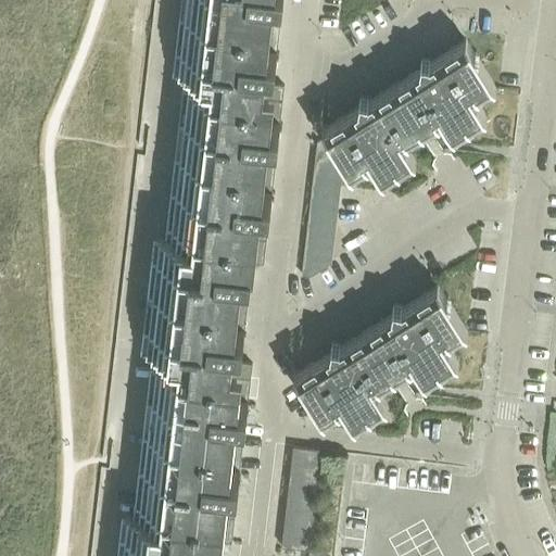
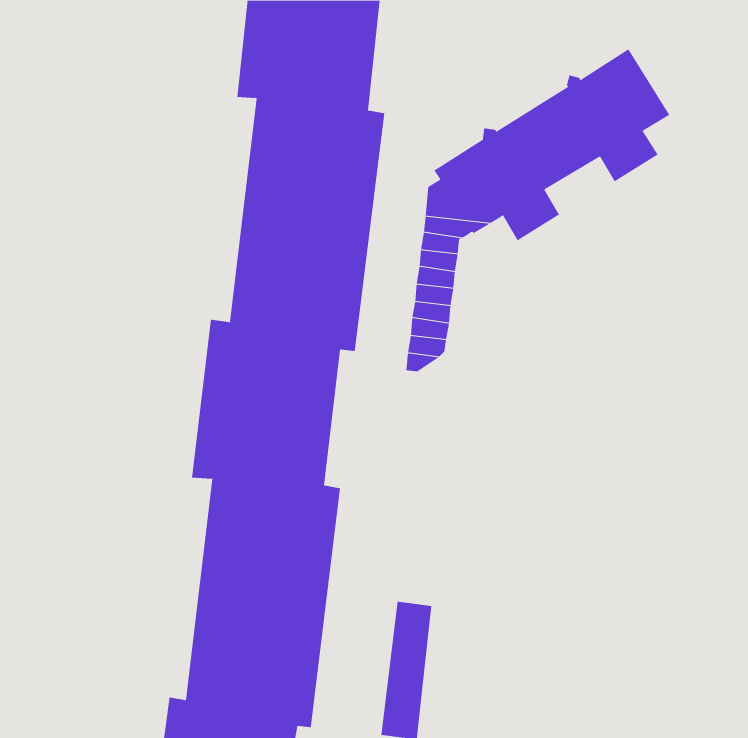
building: [296,294,466,434] -> none

